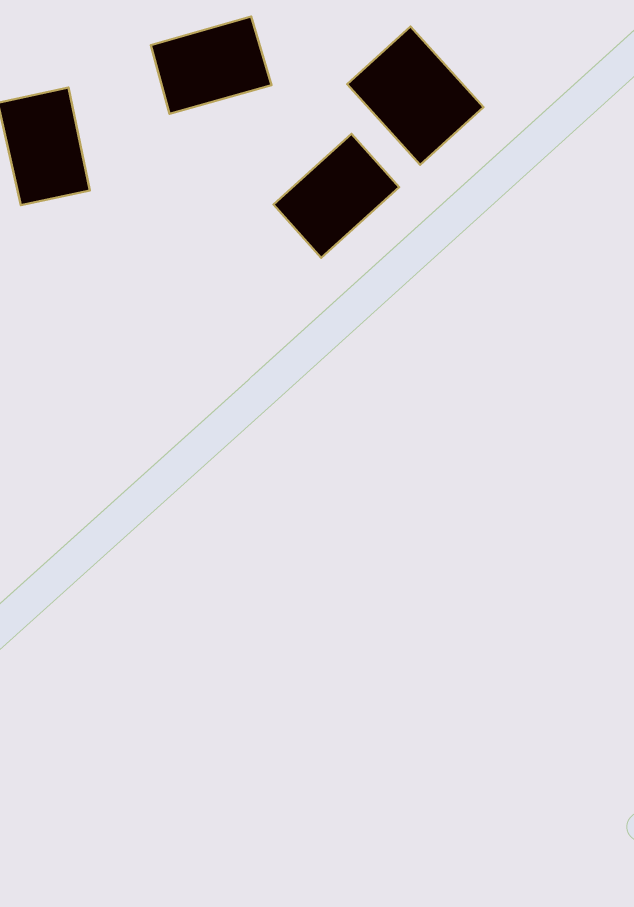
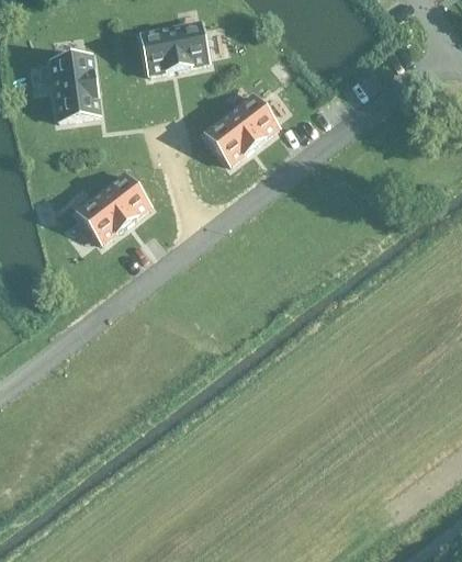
building: [347,26,484,165] -> none
building: none -> [77,172,150,243]

